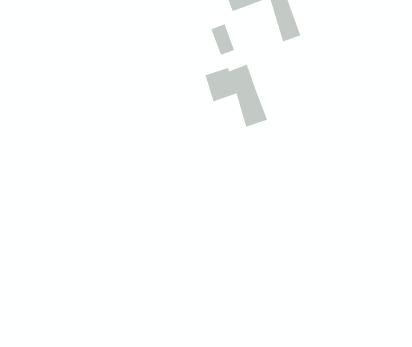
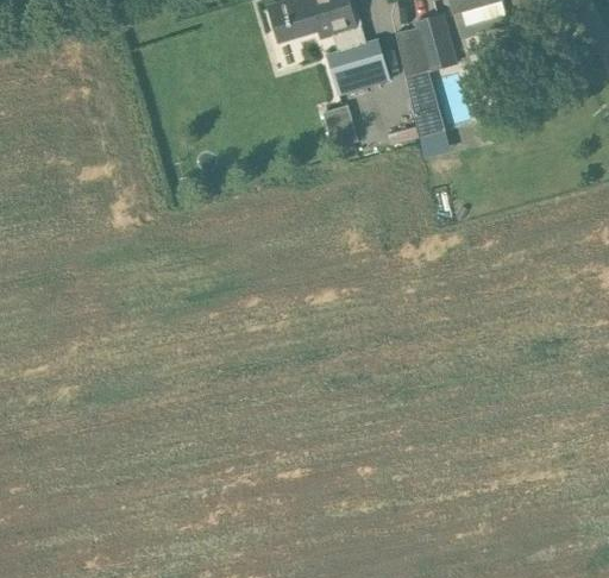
building: [205,64,268,128] -> none

